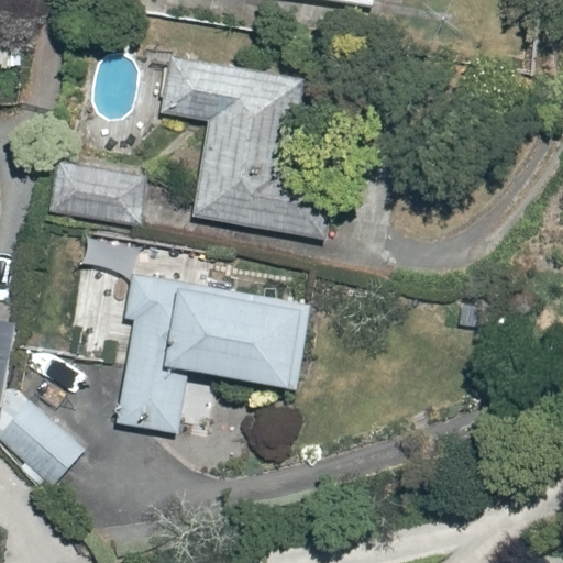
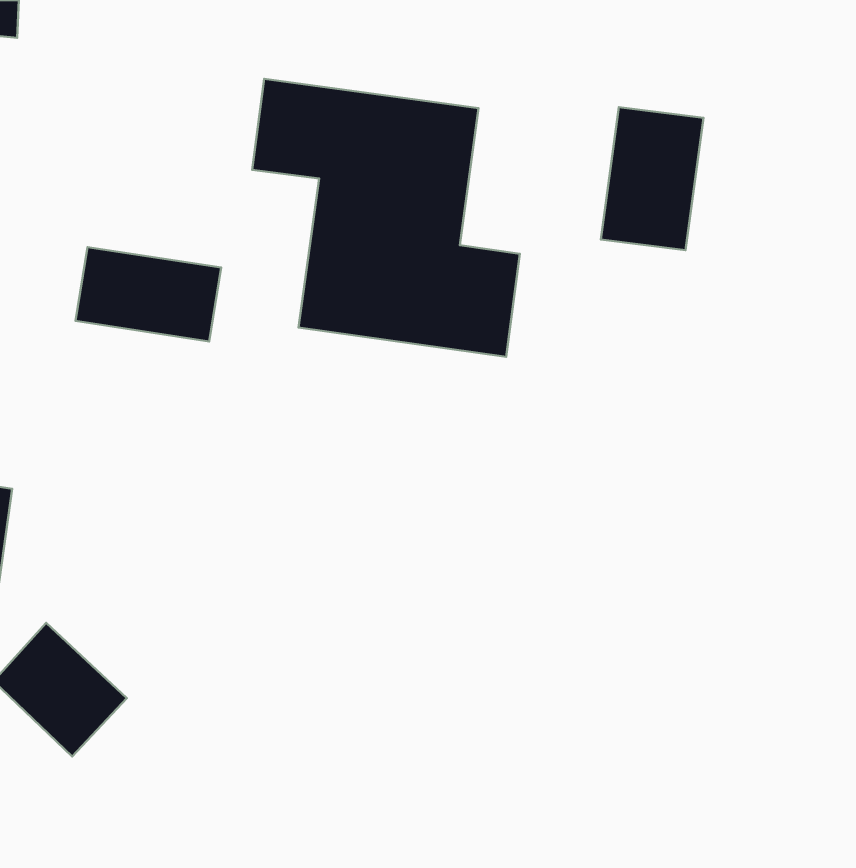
building: none -> [601,107,703,250]
building: [120,278,308,432] -> none

